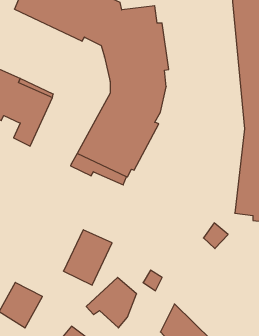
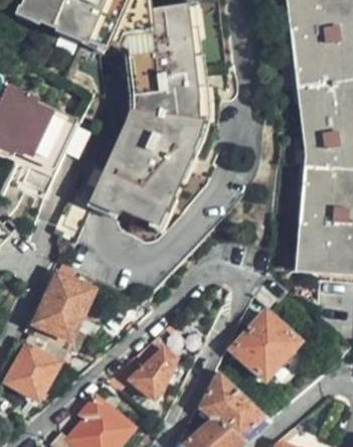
building: [63,230,112,285] -> [31,273,91,340]
building: none -> [230,311,295,379]

